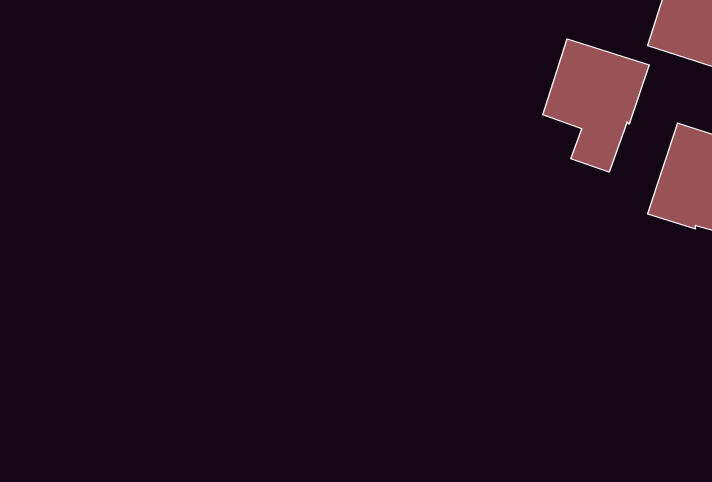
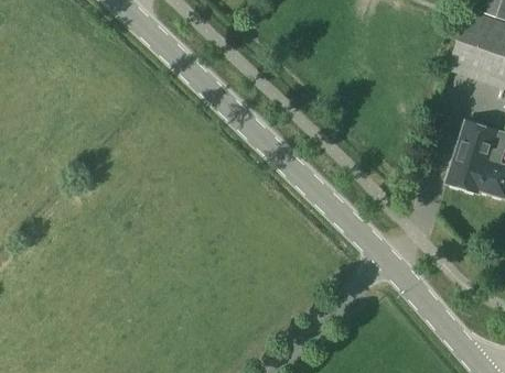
building: [543,39,649,172] -> none

